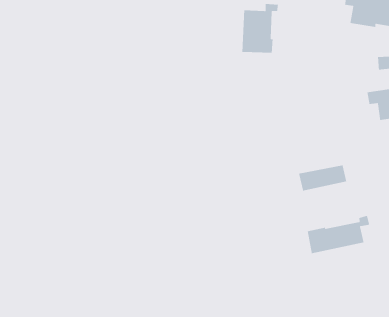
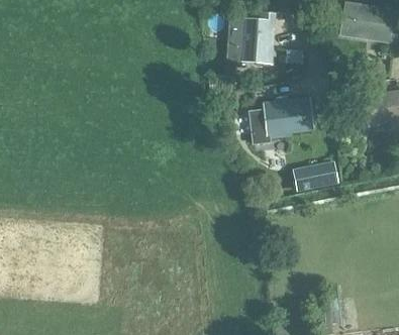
building: none -> [248,99,312,143]
building: [307,215,370,254] -> none

